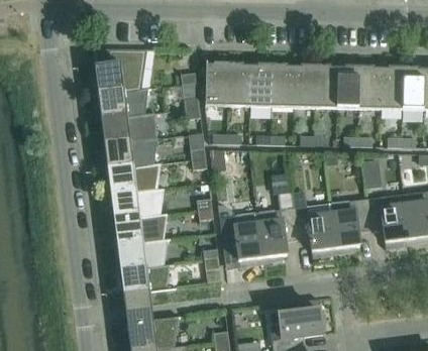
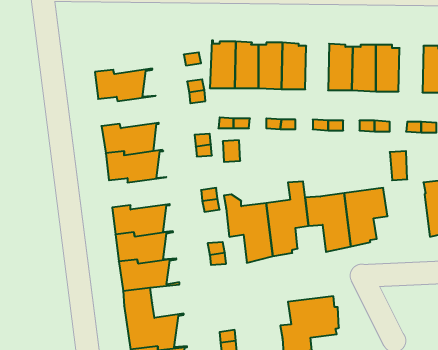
building: [93,49,154,93] -> none
building: [294,65,316,108] -> none
building: [381,67,404,110] -> none
building: [101,113,157,143] -> none
building: [111,189,168,219] -> none
building: [366,194,410,249] -> none

